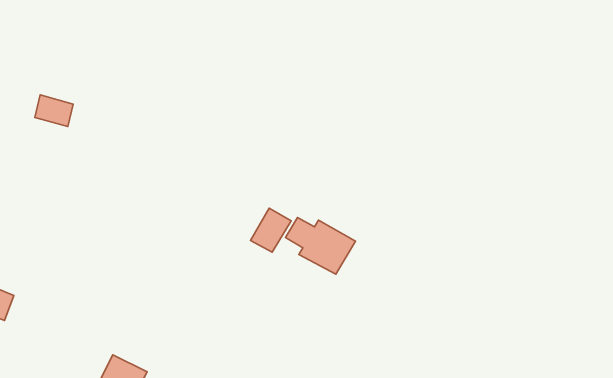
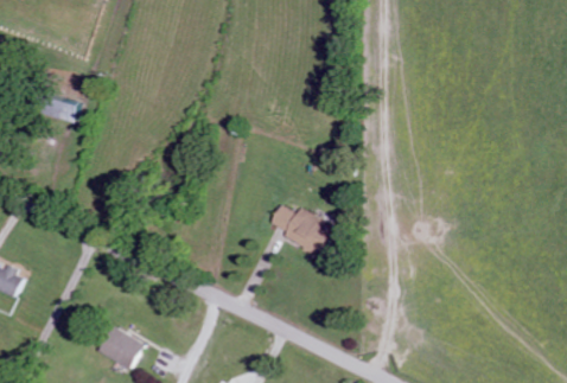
building: [251,208,291,252] -> none

